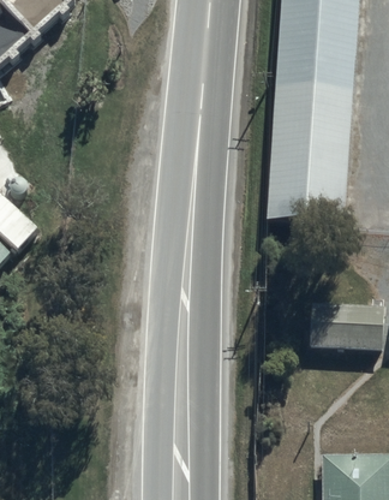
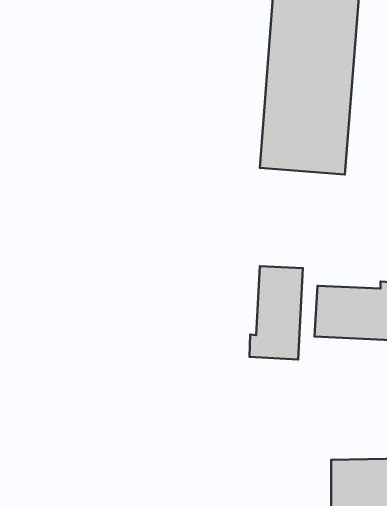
building: none -> [249,266,303,359]

